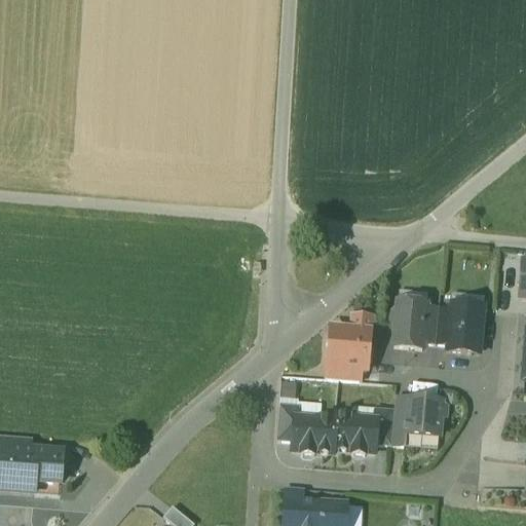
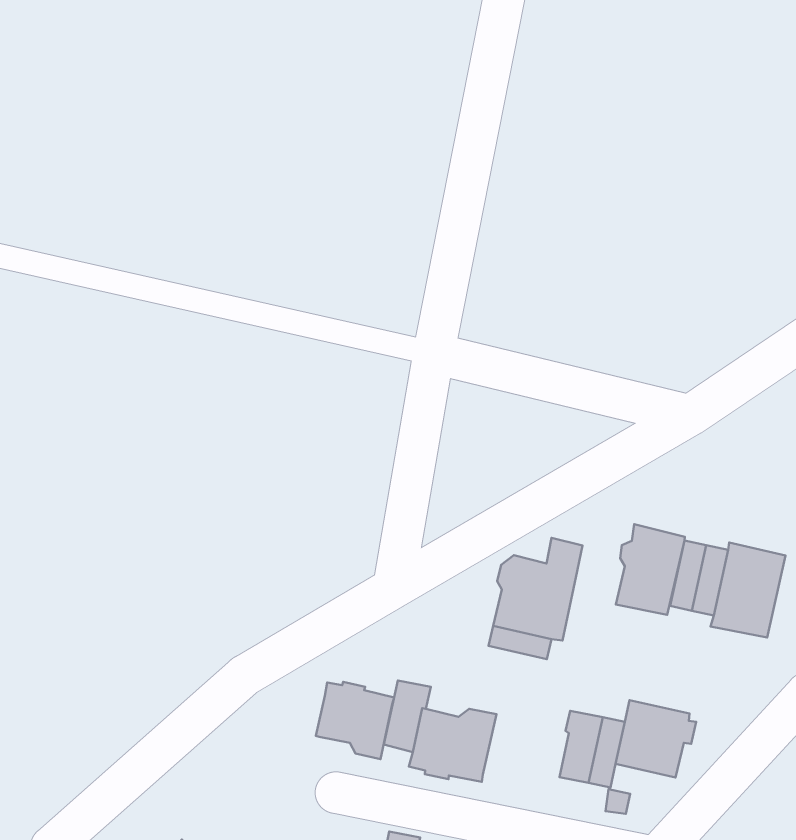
building: none -> [316,682,394,759]
building: [334,409,378,452] -> none

